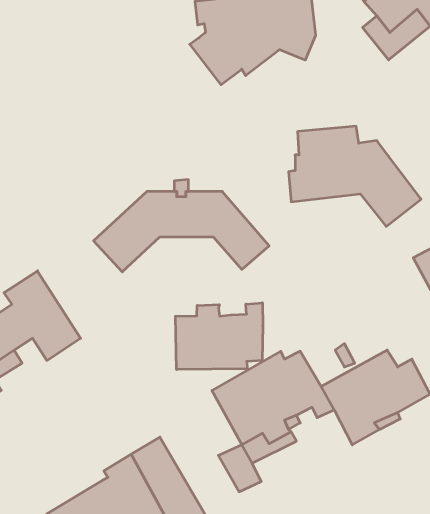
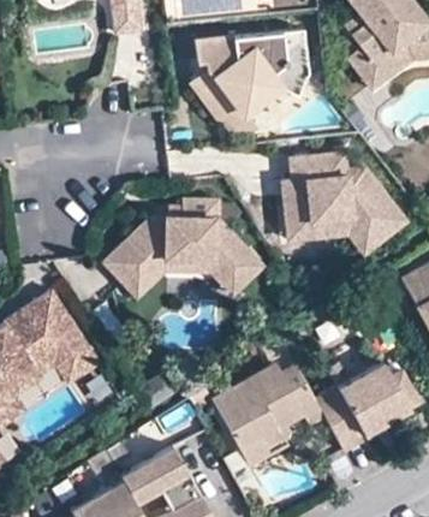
building: none -> [221,84,296,126]
building: none -> [286,218,374,255]
building: [175,303,263,370] -> none

